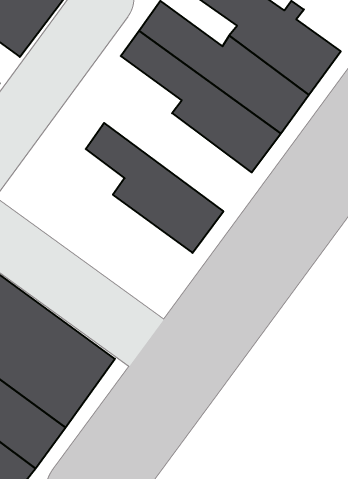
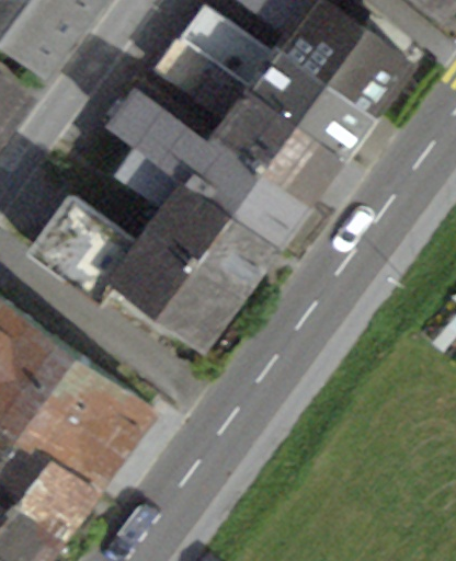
building: none -> [106,80,304,244]
building: none -> [46,209,237,344]

